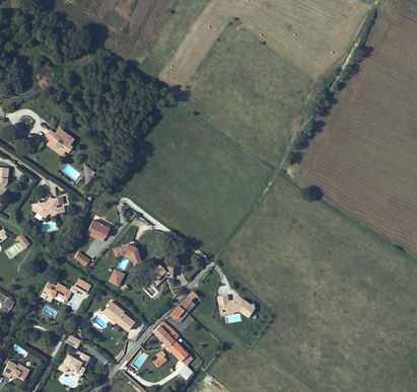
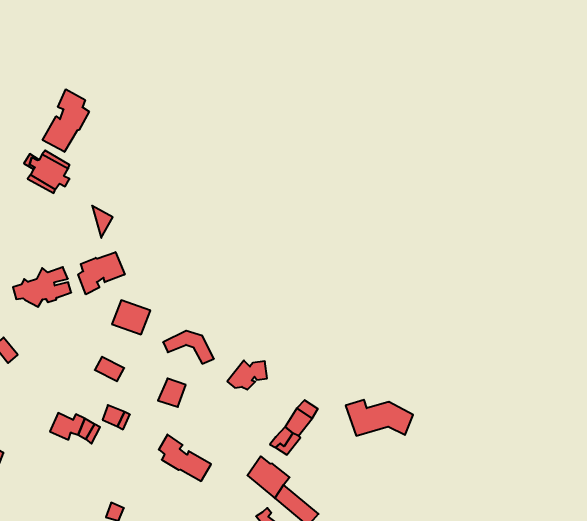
building: none -> [43,89,89,152]
building: none -> [78,252,125,294]

